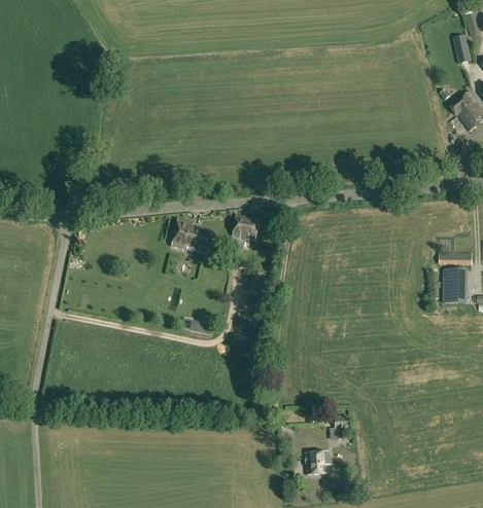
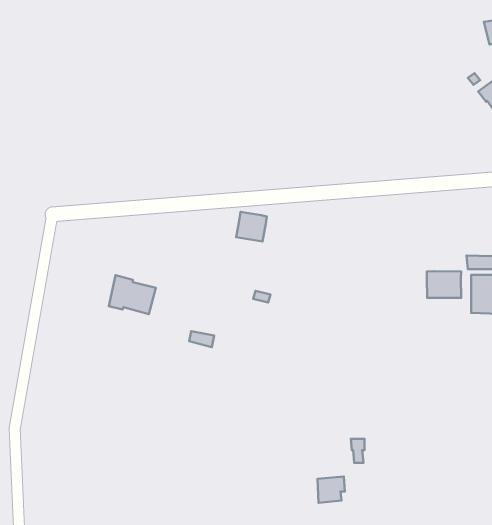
building: [170,218,212,253] -> [109,275,156,314]
building: none -> [427,271,461,298]

